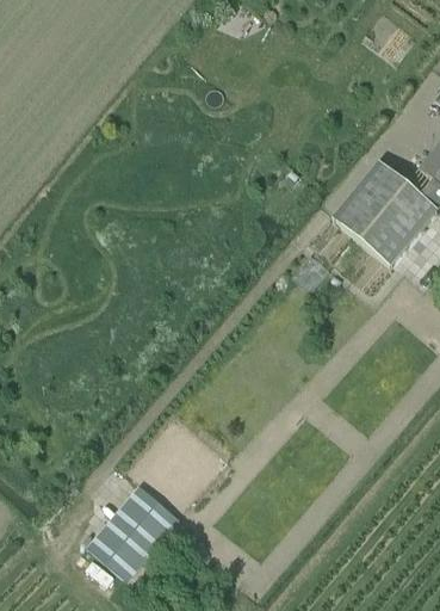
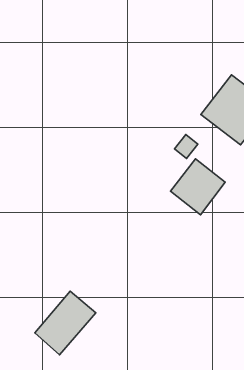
building: none -> [171,159,225,215]

